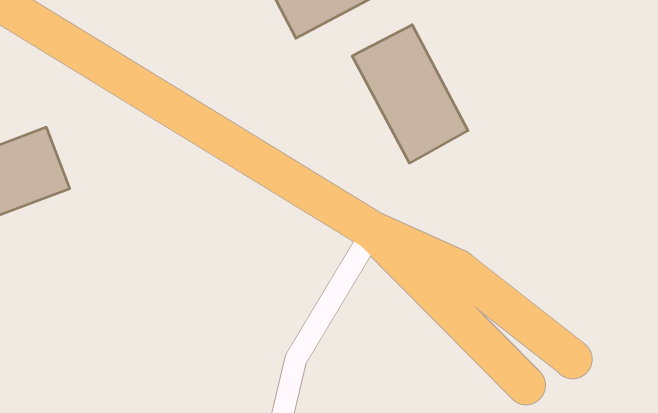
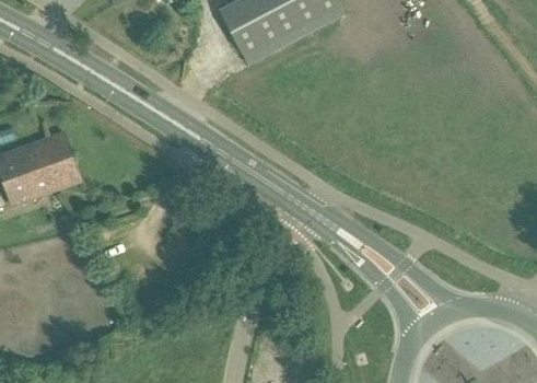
building: [352,25,468,163] -> none

